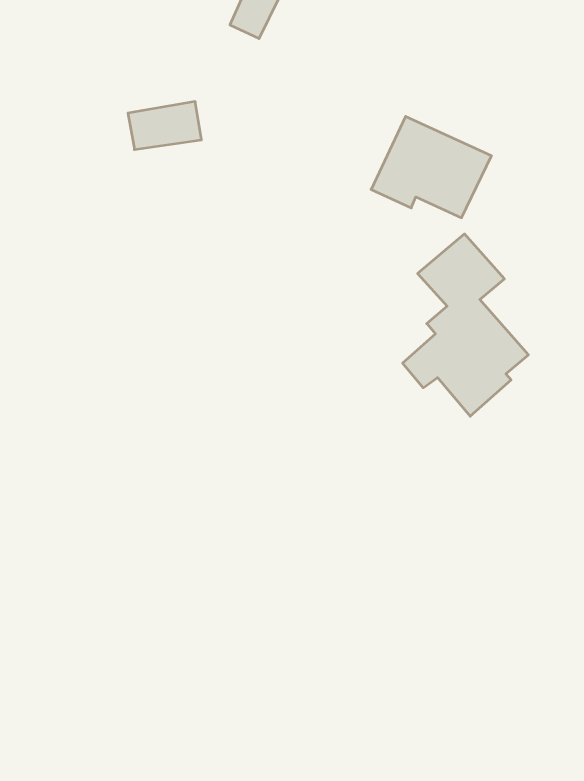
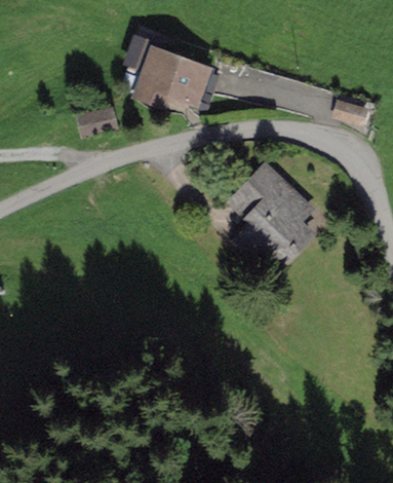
building: [371,116,491,218] -> [141,50,204,103]

